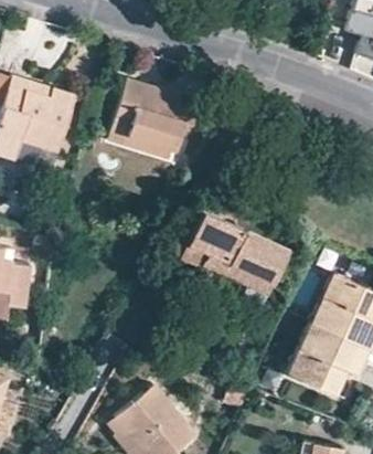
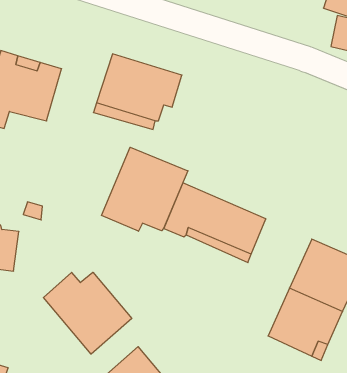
building: none -> [101,147,188,231]
building: none -> [43,272,132,354]

